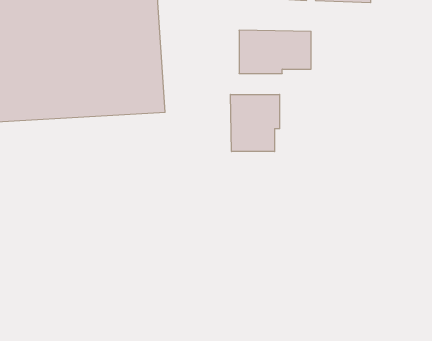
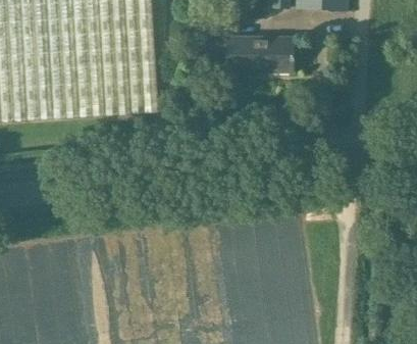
building: [230,94,280,152] -> none

